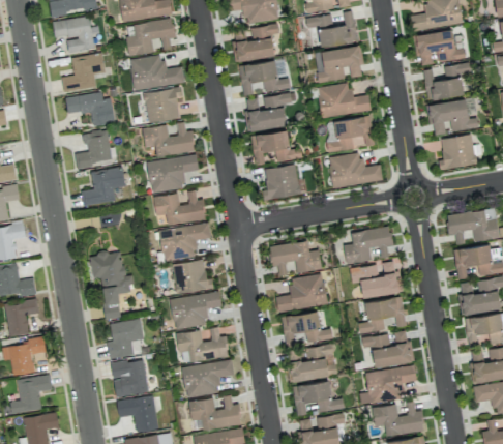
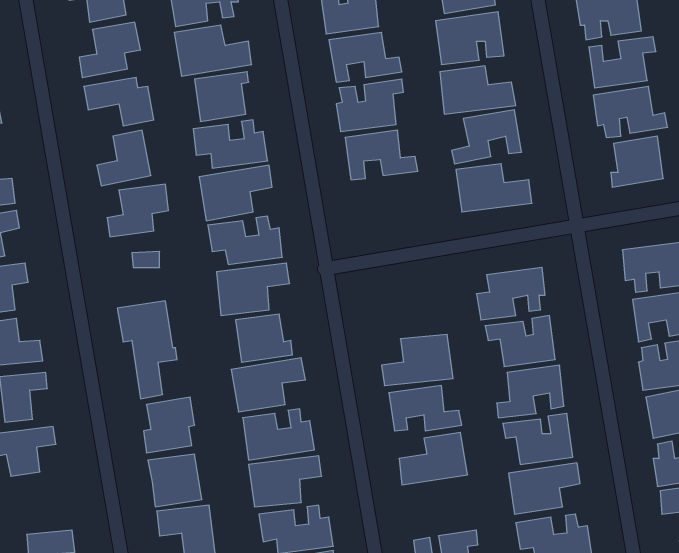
building: [265,165,299,198] -> none
building: [269,241,322,275] -> none
building: [10,375,53,414] -> none
building: [293,380,345,416] -> none

